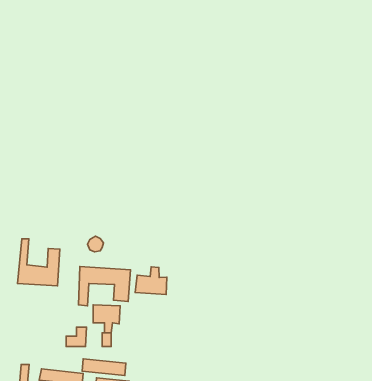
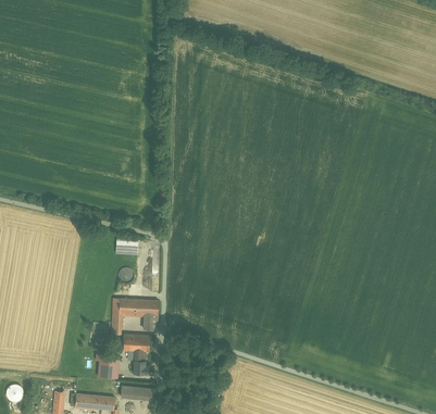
building: [18,239,60,286] -> none
building: [135,267,167,295] -> none

